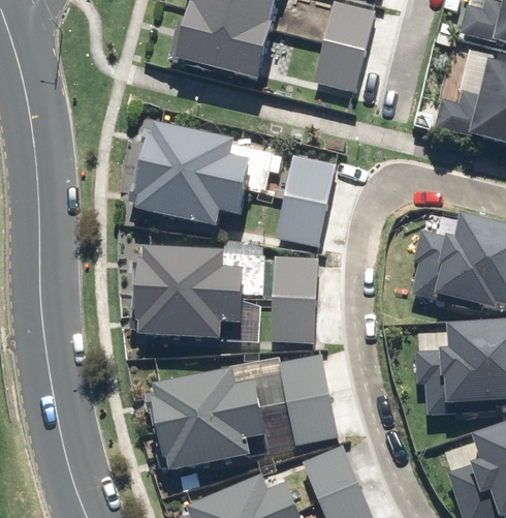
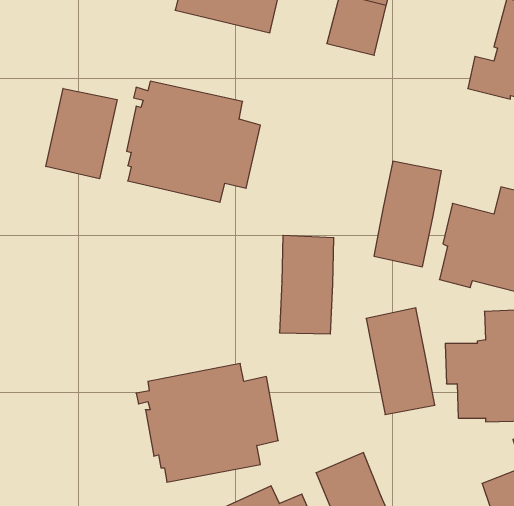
building: none -> [46,88,117,179]
building: [276,155,335,247] -> [374,161,441,267]
building: [133,245,247,339] -> none
building: [278,353,338,446] -> [366,308,435,415]

